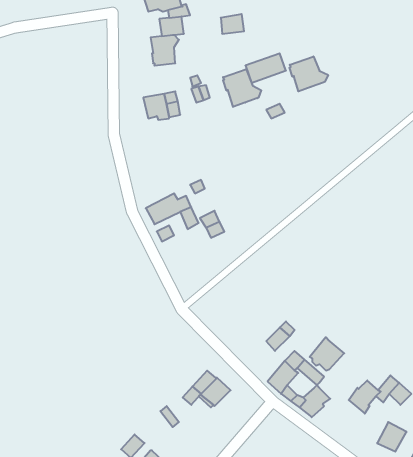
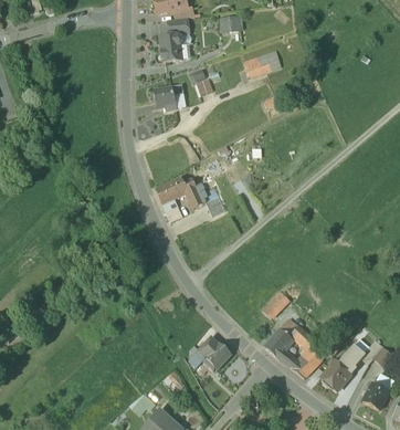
building: [289,56,328,91] -> none
building: [223,69,261,107] -> none
building: [310,337,344,370] -> [320,359,351,389]

